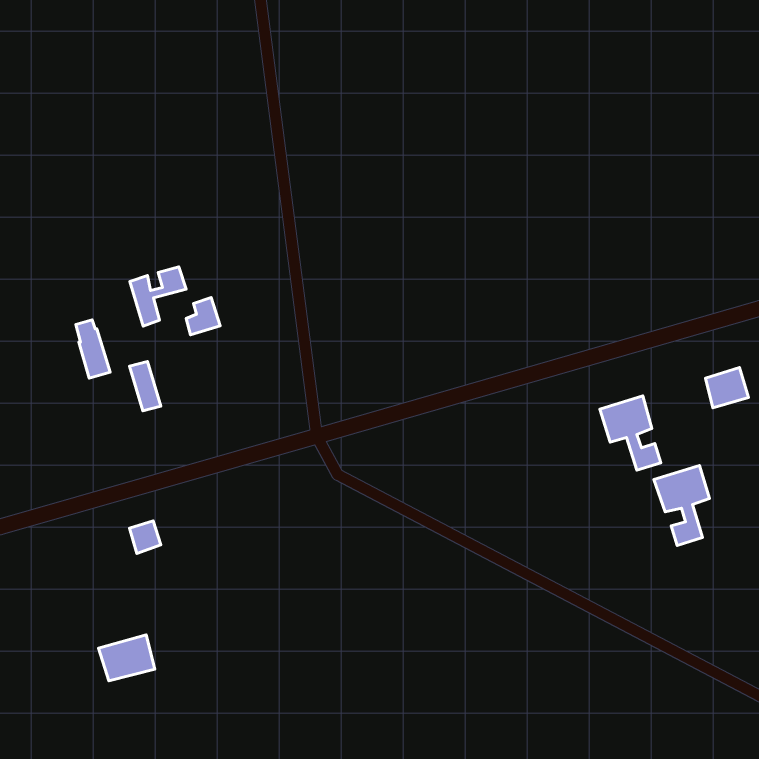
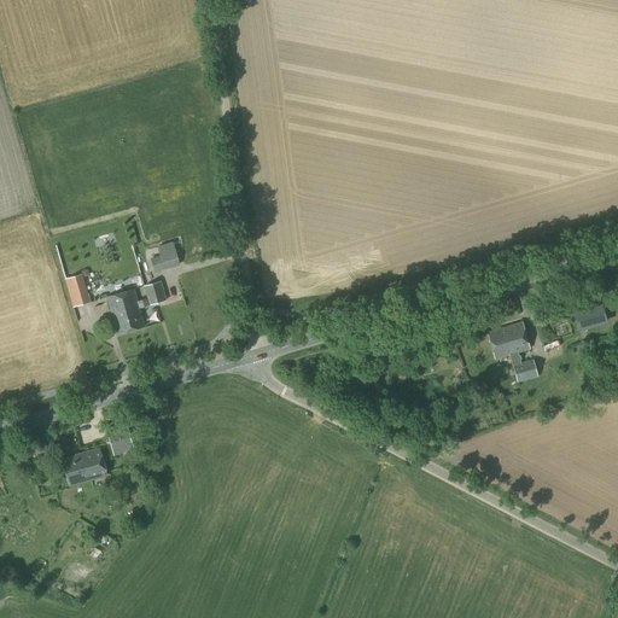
building: [130,267,186,326] -> [121,281,167,330]
building: [654,465,709,545] -> none
building: [98,635,155,681] -> [62,448,107,485]

